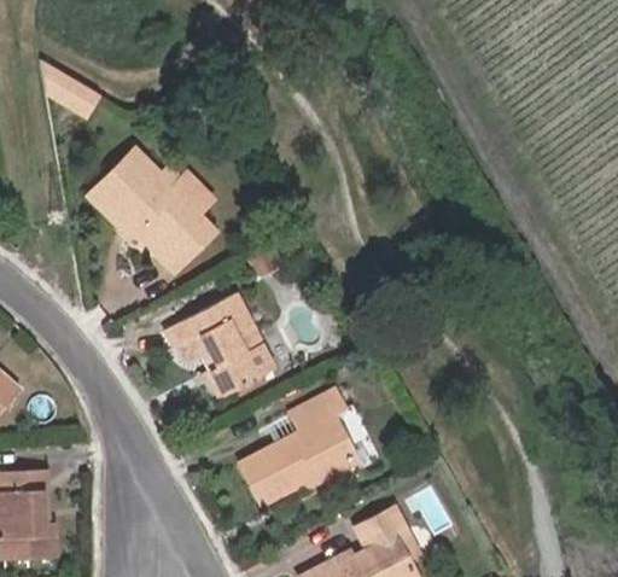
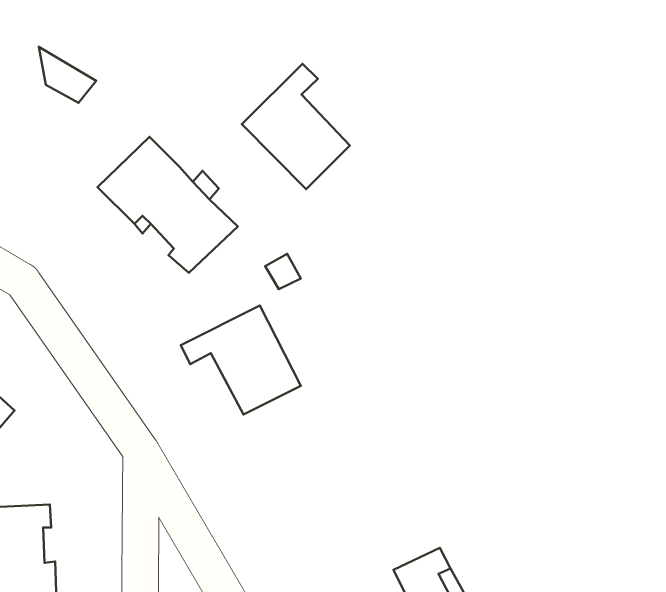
building: none -> [242,64,350,189]
building: [241,397,355,500] -> none

